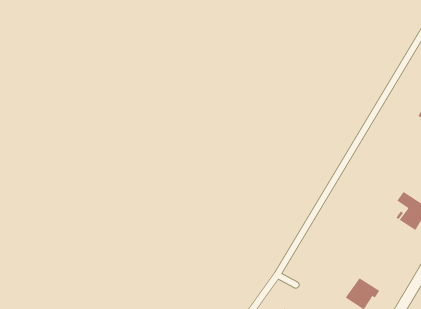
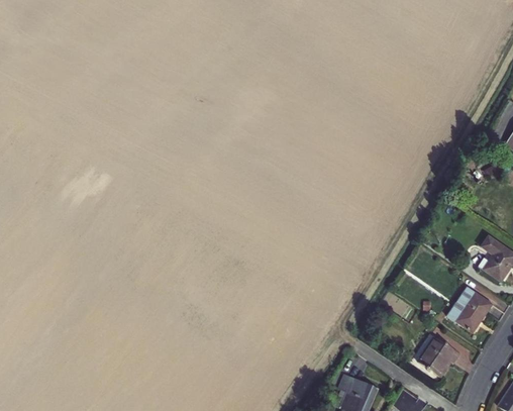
building: none -> [455,292,493,332]

